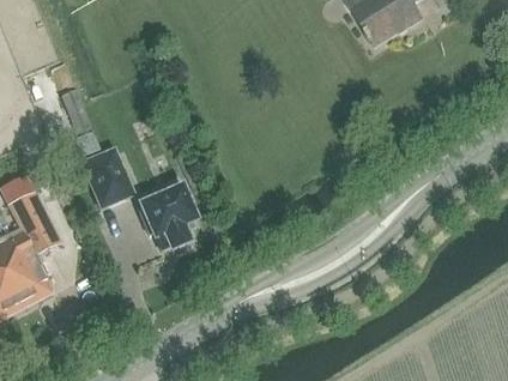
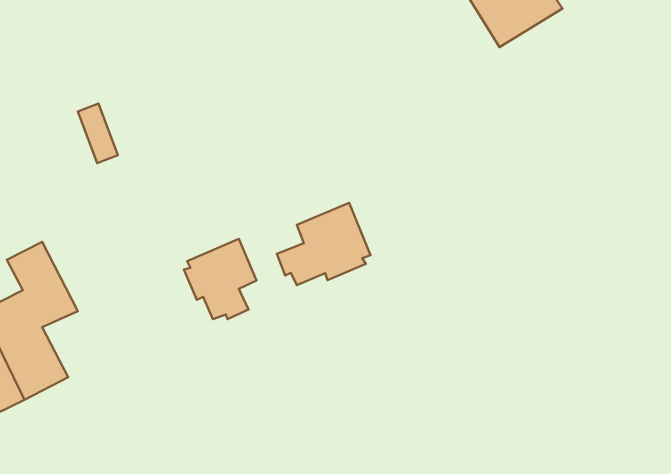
building: [81,151,131,205] -> none
building: none -> [277,203,371,285]

